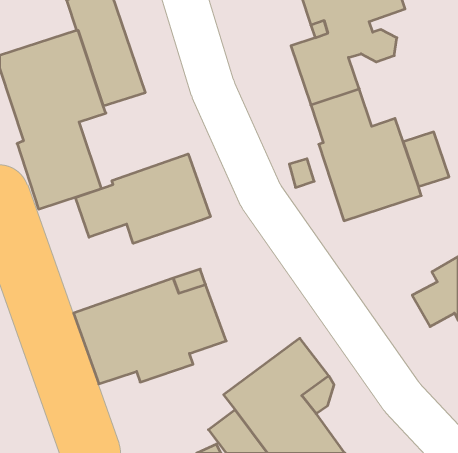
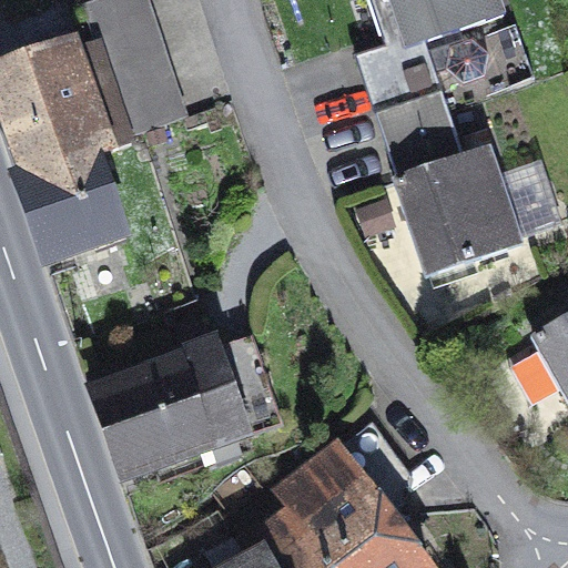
building: [75,154,210,243] -> none

